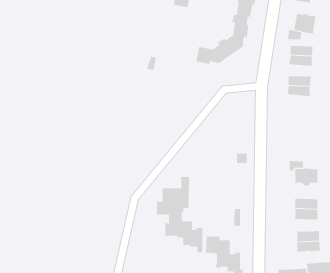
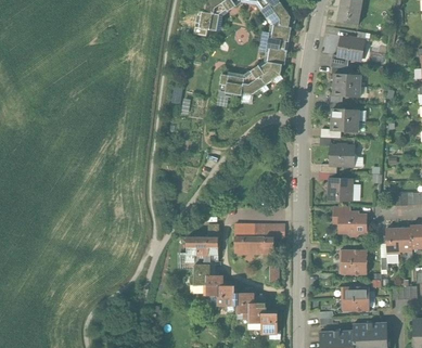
building: none -> [330,144,354,166]
building: none -> [329,179,353,199]
building: none -> [234,224,274,261]

